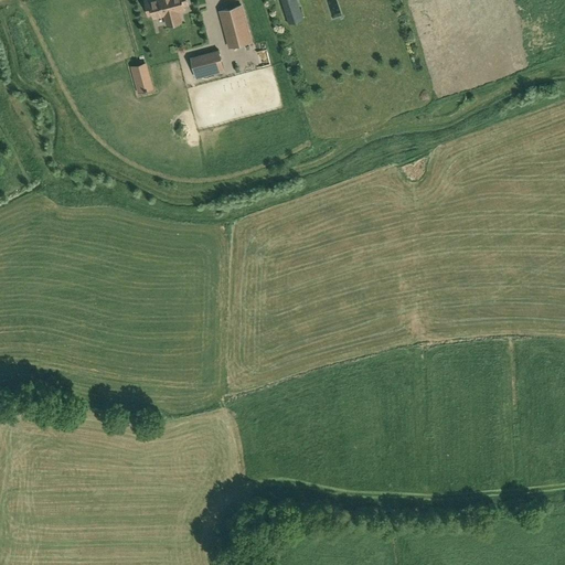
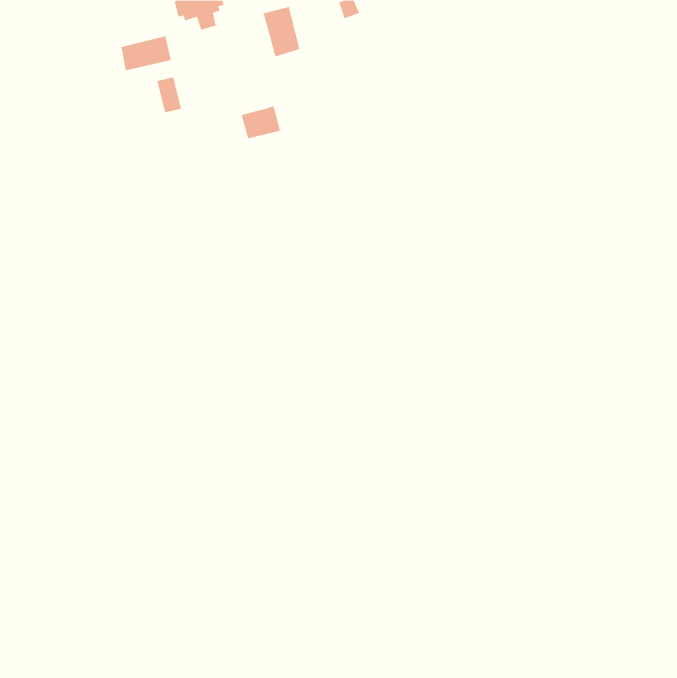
building: none -> [121,35,172,71]
building: [190,50,223,77] -> [241,106,281,139]

